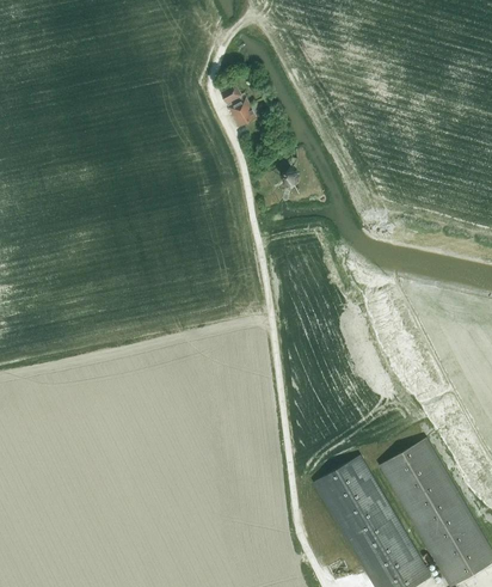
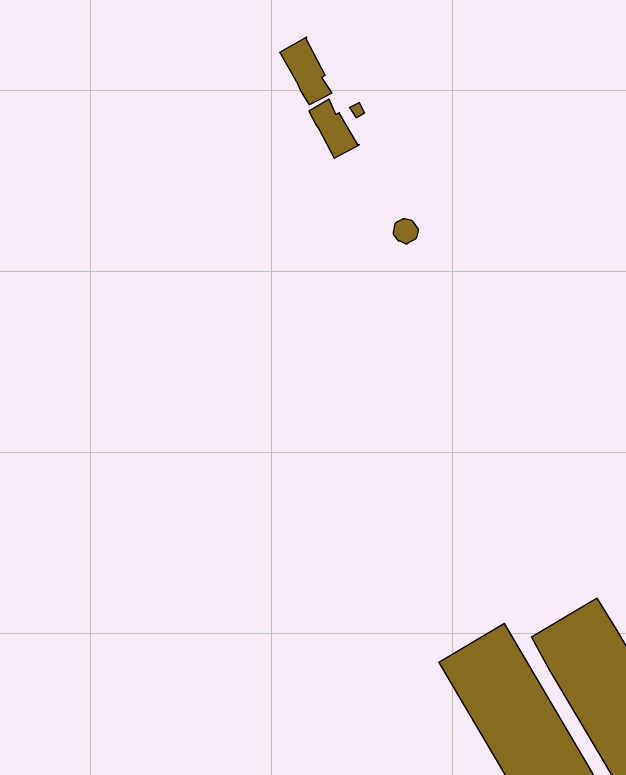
building: none -> [280,37,332,105]

